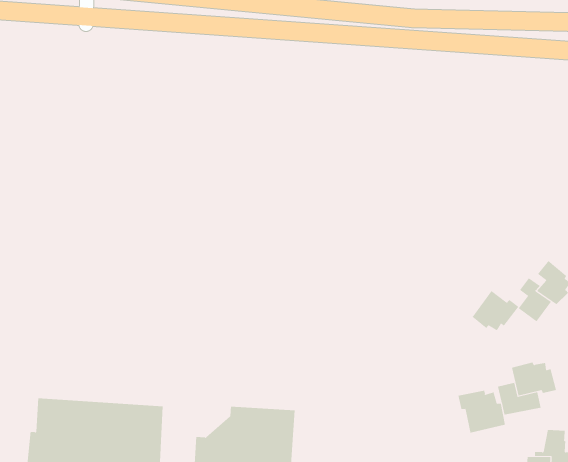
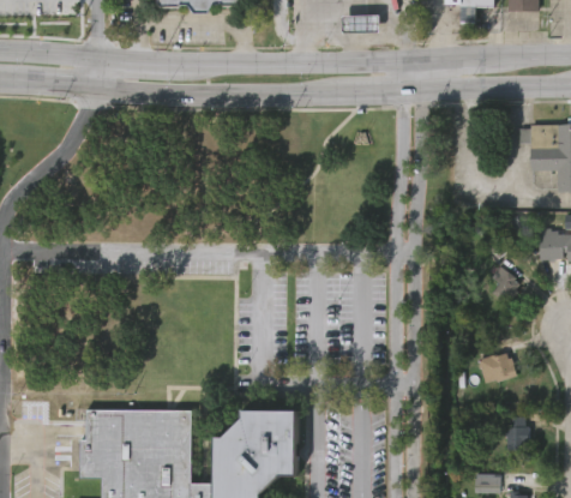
building: [472,290,519,331] -> none
building: [458,390,505,433] -> none

